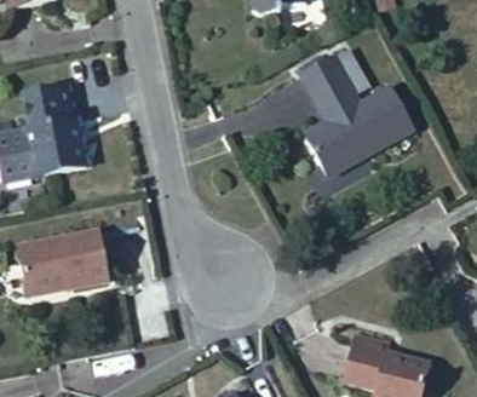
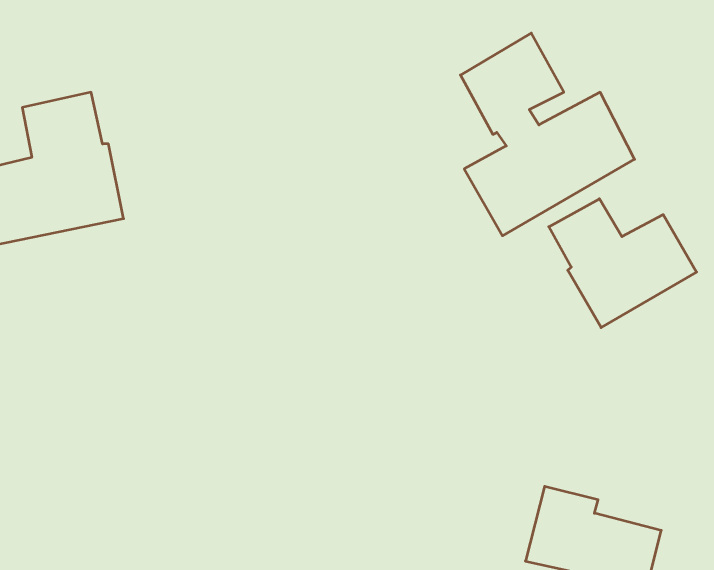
building: none -> [549,199,697,328]
building: [18,230,108,295] -> none

